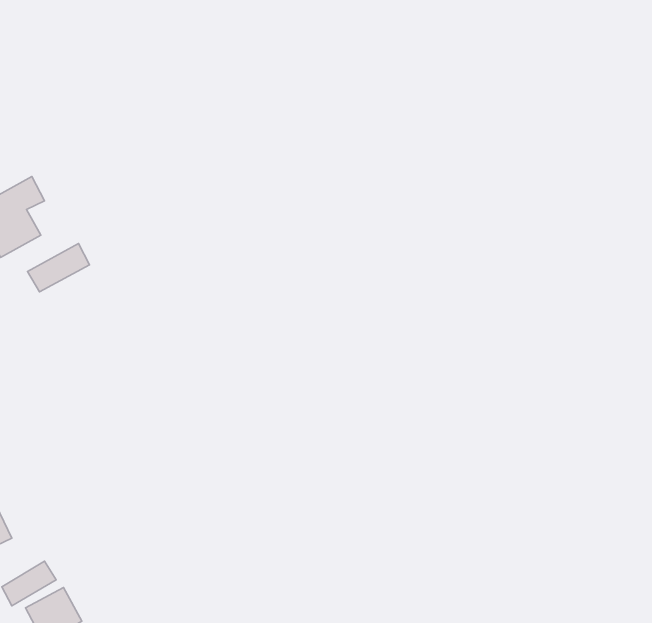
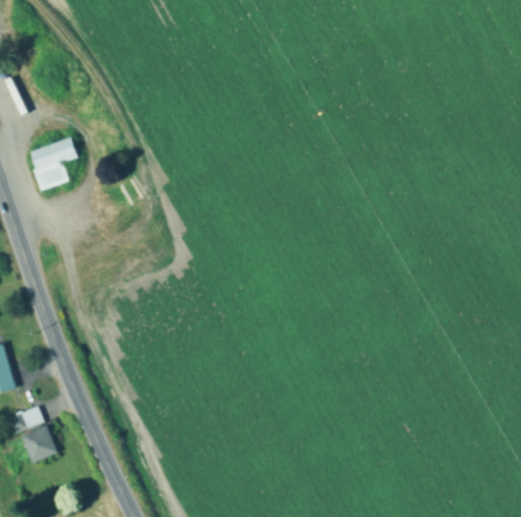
building: [28,243,90,292] -> none

